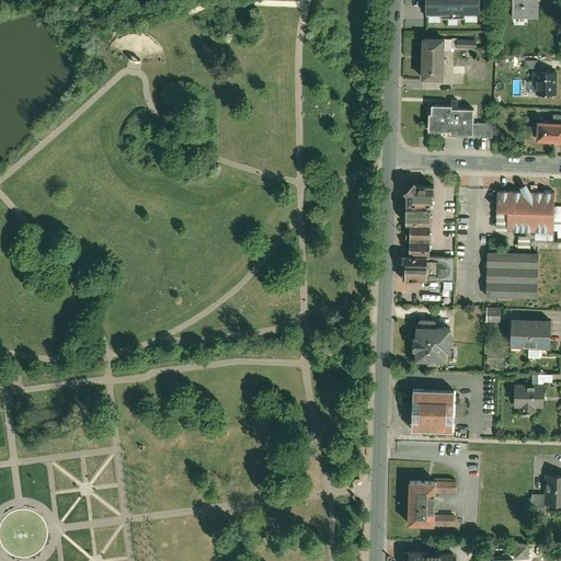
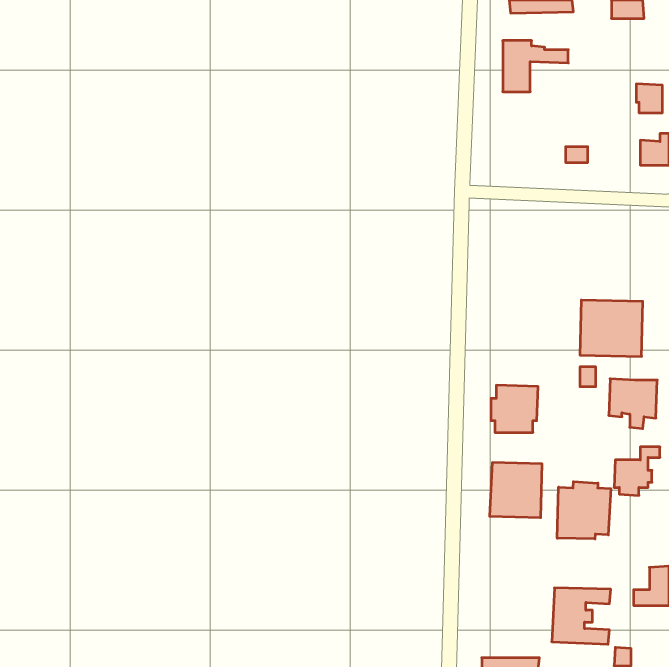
building: [427,105,471,136] -> none
building: [402,182,453,283] -> none
building: [496,184,554,236] -> none
building: none -> [557,482,611,539]
building: [407,481,456,528] -> [552,588,611,644]

